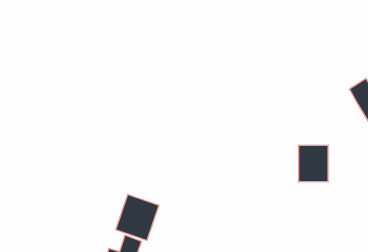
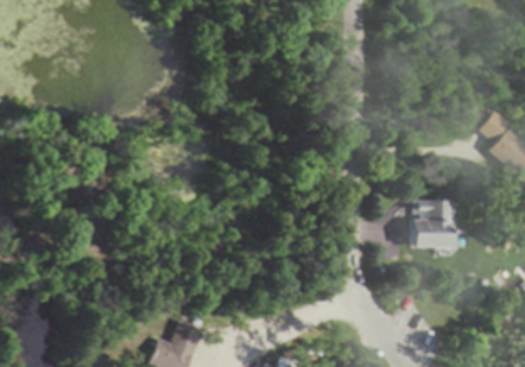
building: [116,194,159,240] -> none

